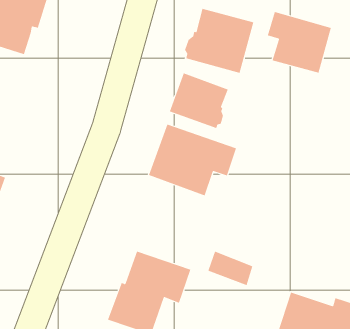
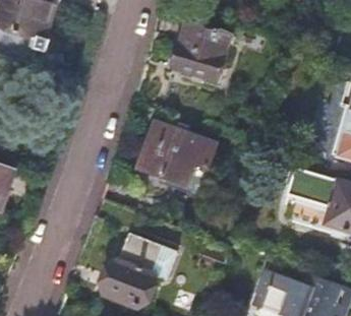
building: [267,11,331,74] -> none
building: [169,72,228,129] -> none

